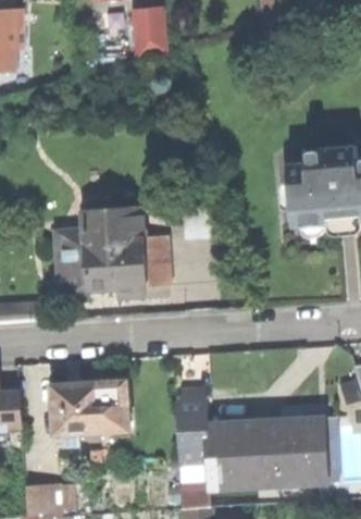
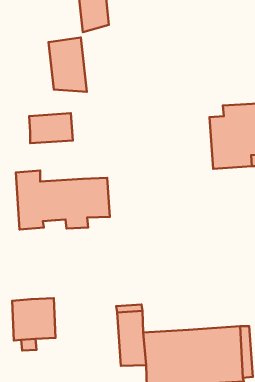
building: none -> [48,37,87,92]
building: [84,205,136,240] -> [29,113,73,143]
building: [101,379,128,429] -> none

